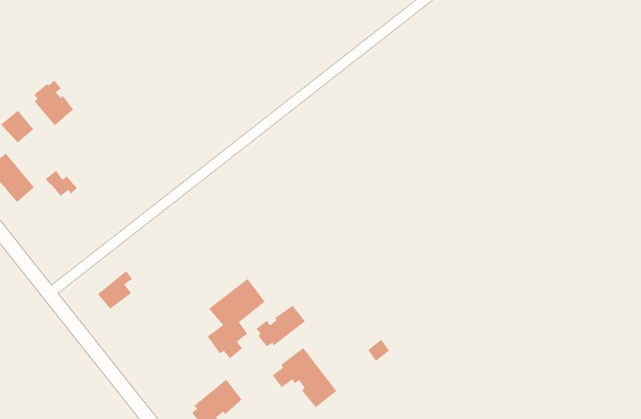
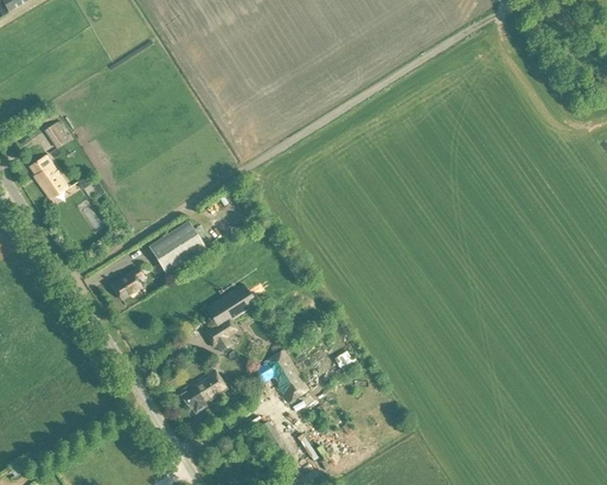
building: [34,80,74,126] -> none
building: none -> [147,221,206,276]
building: [255,305,306,347] -> none

